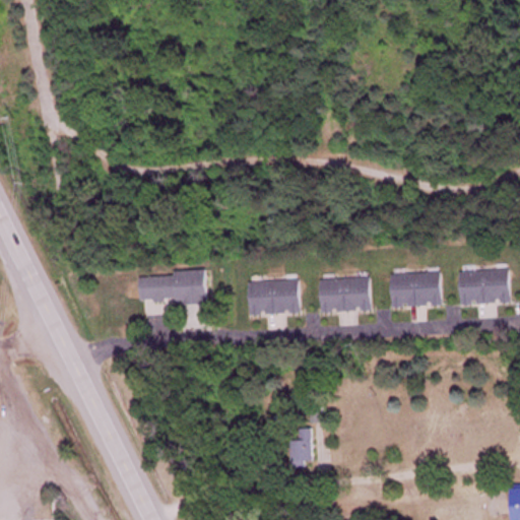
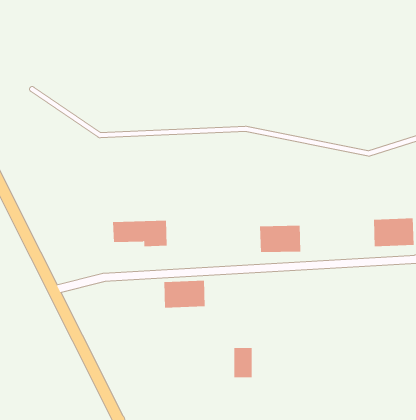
building: [390,272,441,306] -> none
building: [248,279,300,314] -> [163,280,206,308]

